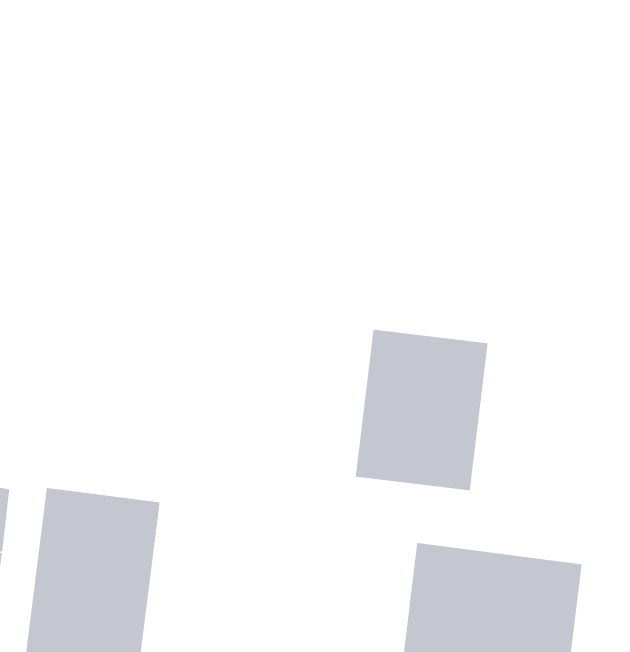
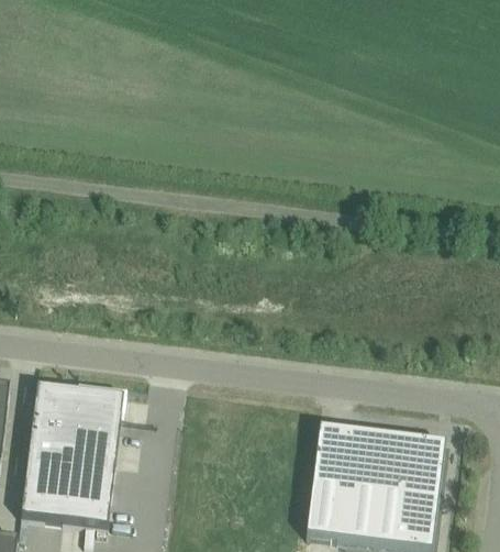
building: [355,329,489,491] -> none

